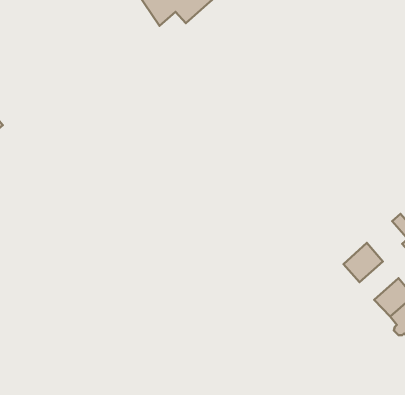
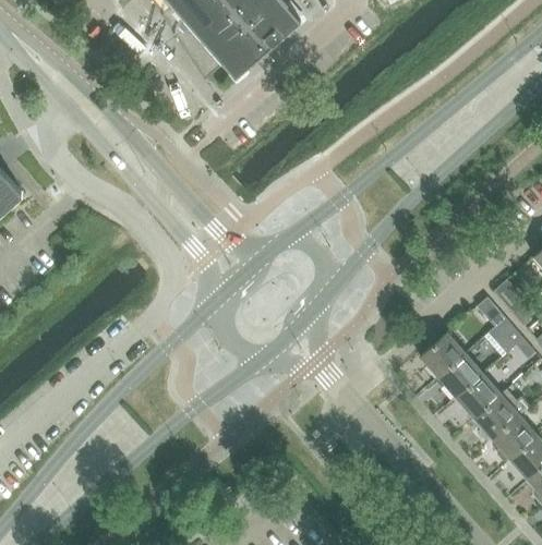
building: none -> [439,353,485,398]

